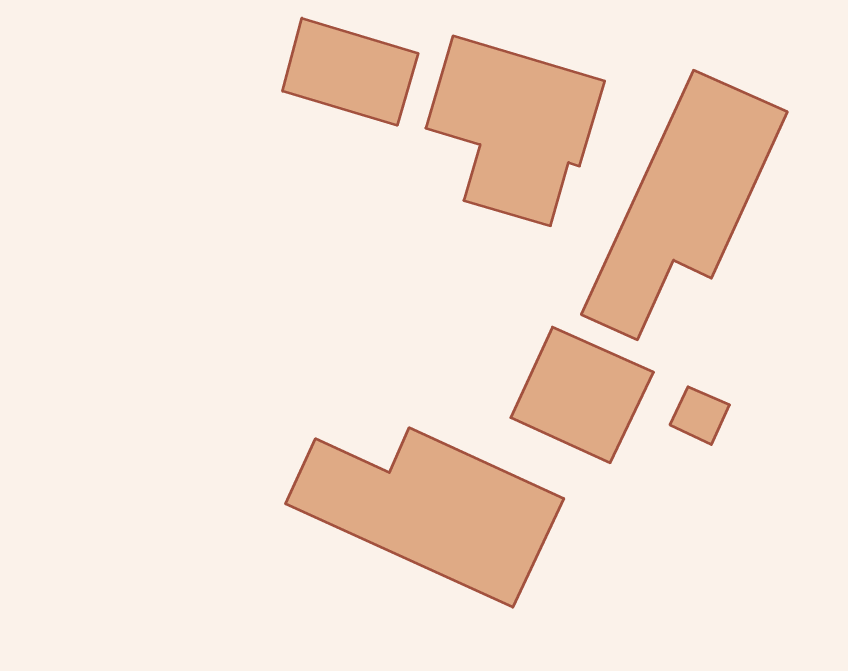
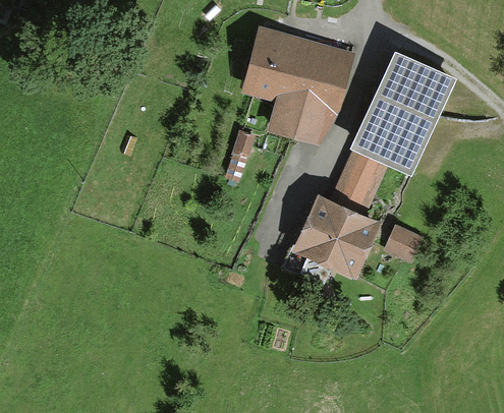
building: [283,18,418,125] -> none
building: [286,428,564,607] -> none

